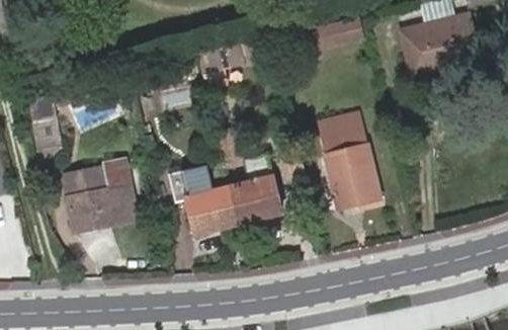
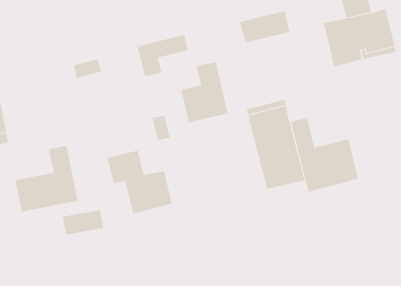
building: none -> [291,117,359,192]
building: [230,159,281,225] -> [181,62,229,123]
building: [64,172,109,199] -> [62,210,104,235]

